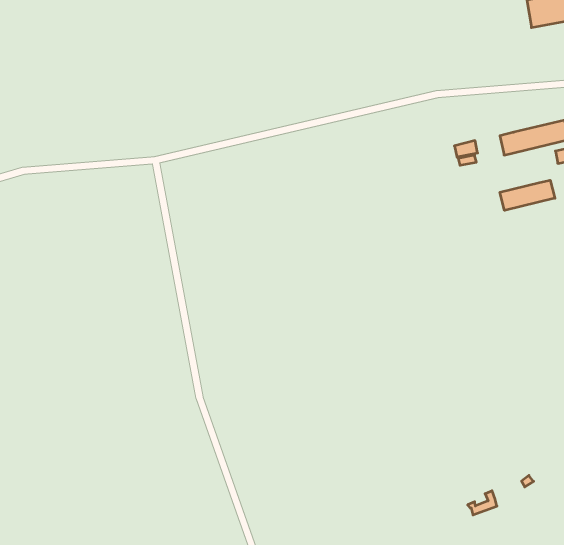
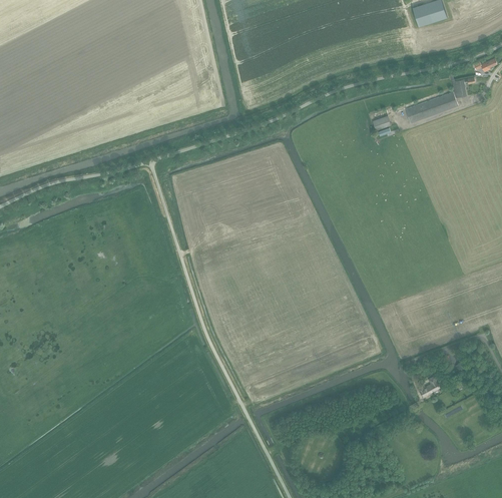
building: [500,180,555,210] -> none

